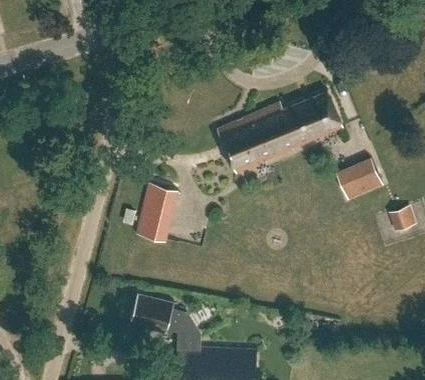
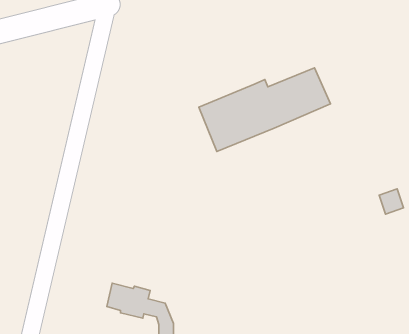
building: [336,157,382,199] -> none
building: [136,181,178,240] -> none

